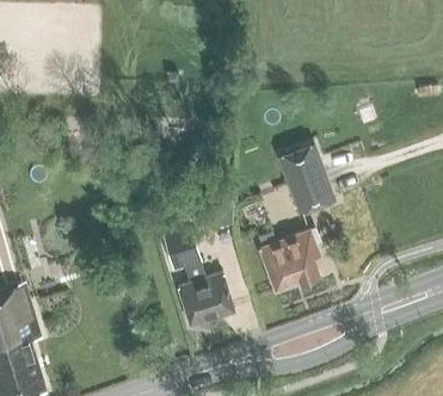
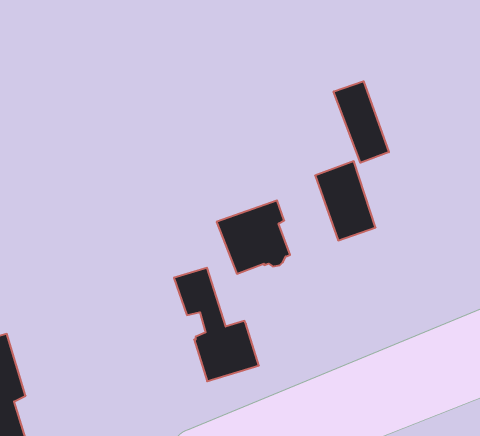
building: none -> [334,81,389,163]
building: [259,231,320,292] -> [217,200,290,274]

